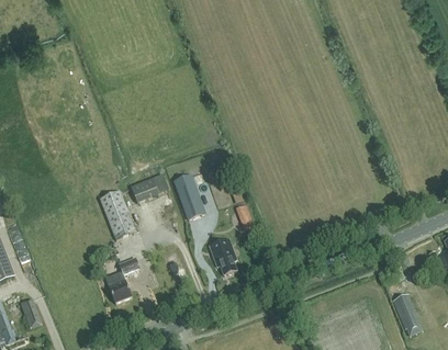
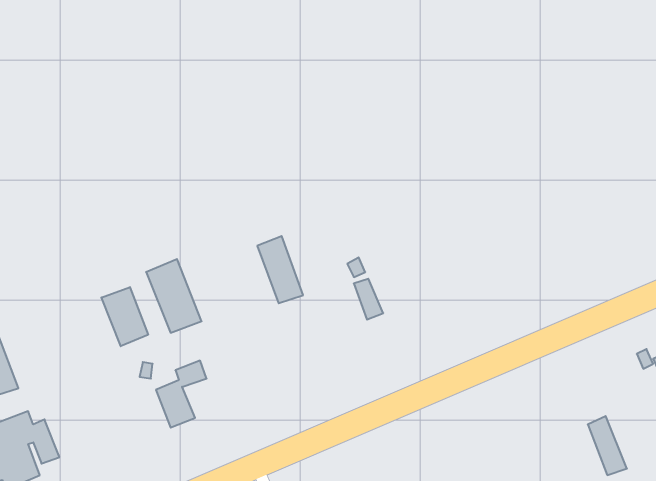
building: [134,173,172,201] -> none
building: none -> [101,287,148,346]
building: [209,238,237,275] -> none

